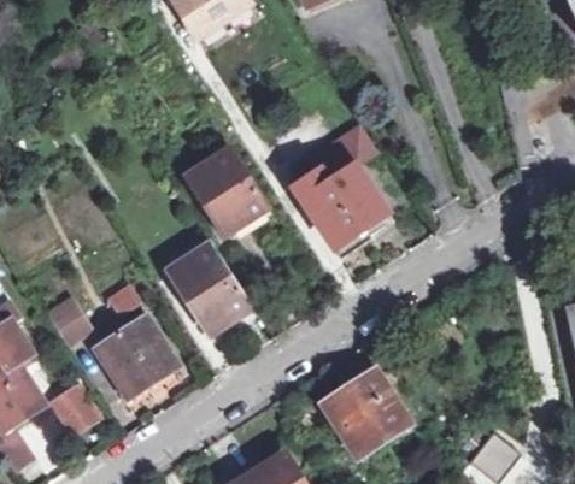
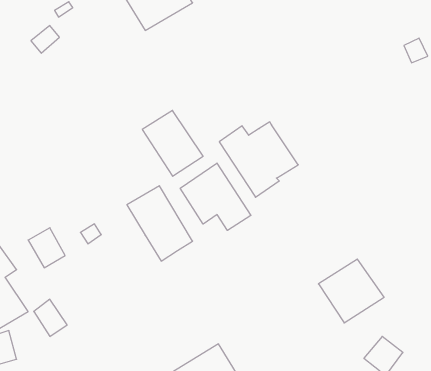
building: [324,125,376,171] -> none
building: none -> [180,163,251,230]
building: [96,317,176,396] -> none
building: [325,372,409,453] -> [318,259,384,323]

